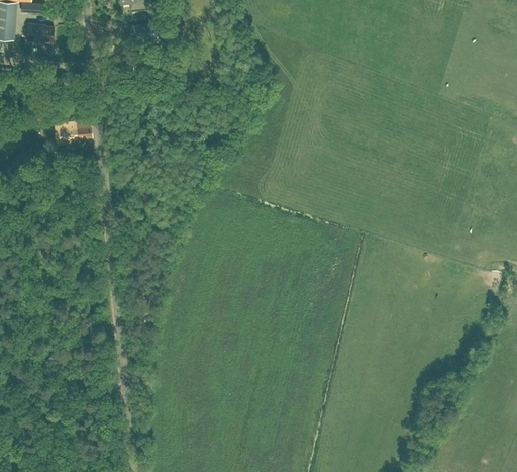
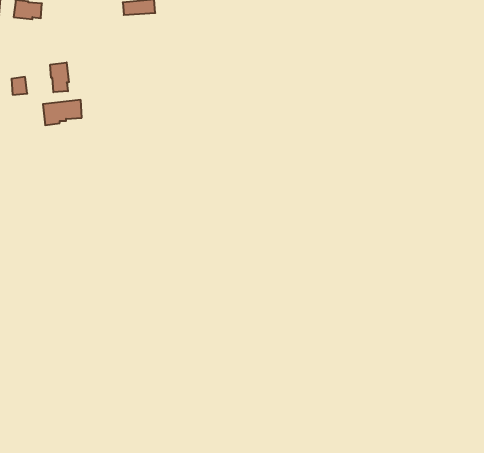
building: none -> [50,62,69,92]

